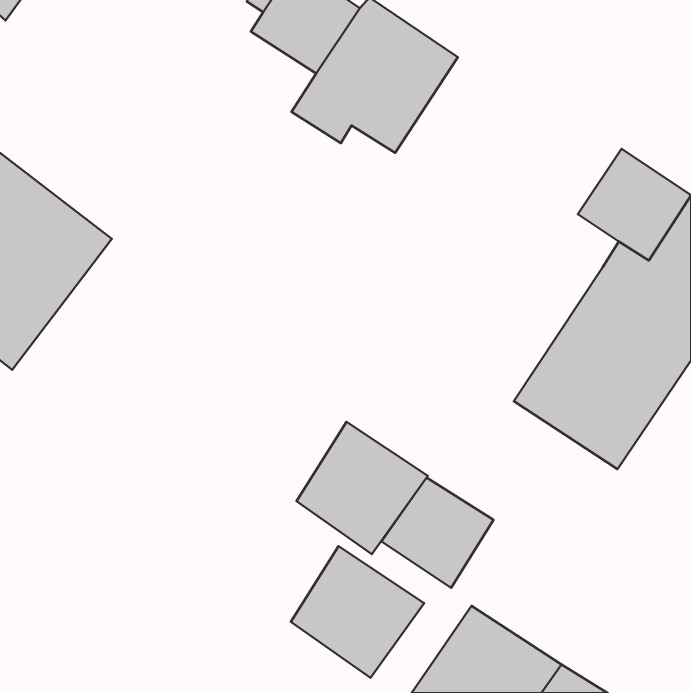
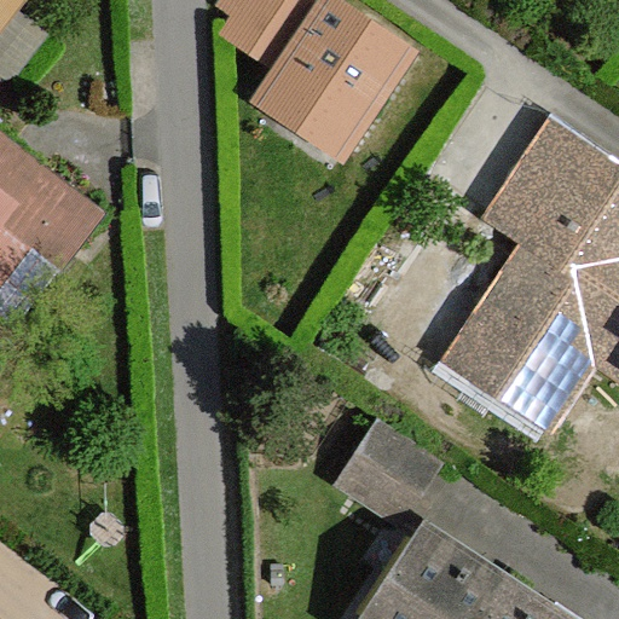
building: [296,422,428,554] -> none
building: [291,546,424,678] -> none

